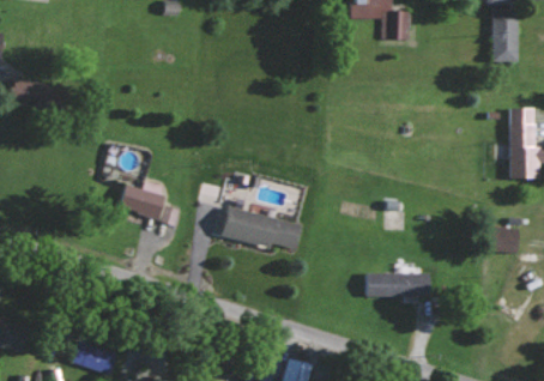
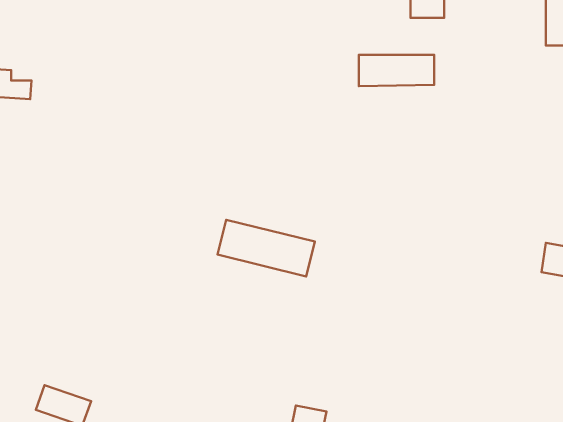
building: none -> [359,55,434,86]
building: [119,181,177,224] -> none
building: [365,272,430,297] -> none

